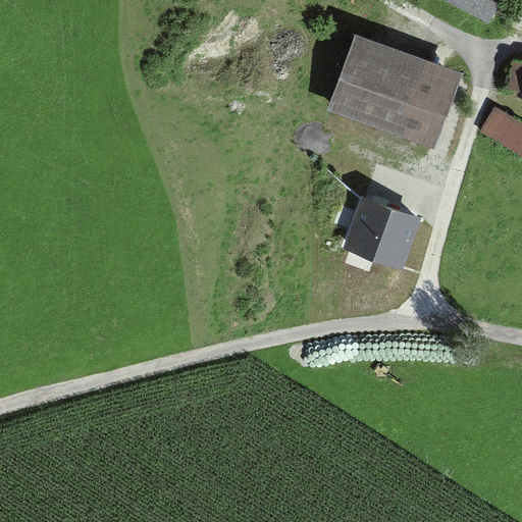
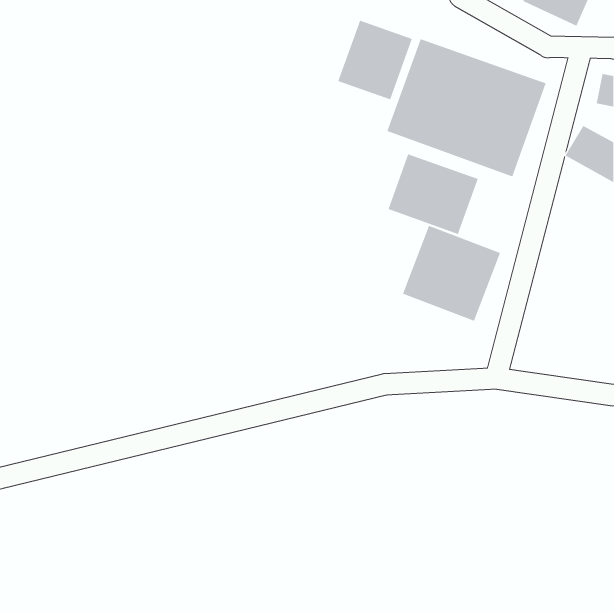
building: none -> [338,20,413,100]
building: none -> [388,153,478,235]

